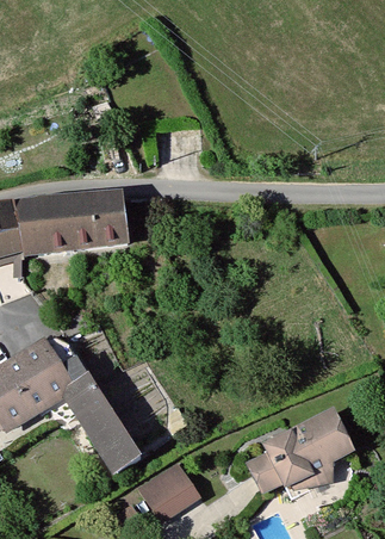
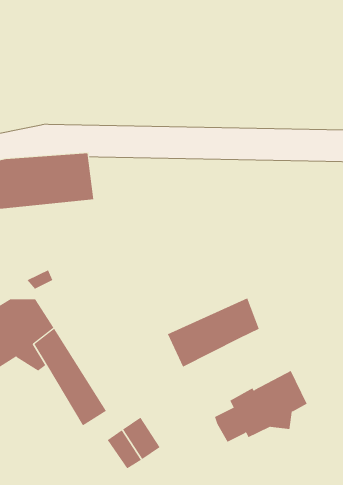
building: none -> [167,297,260,368]

